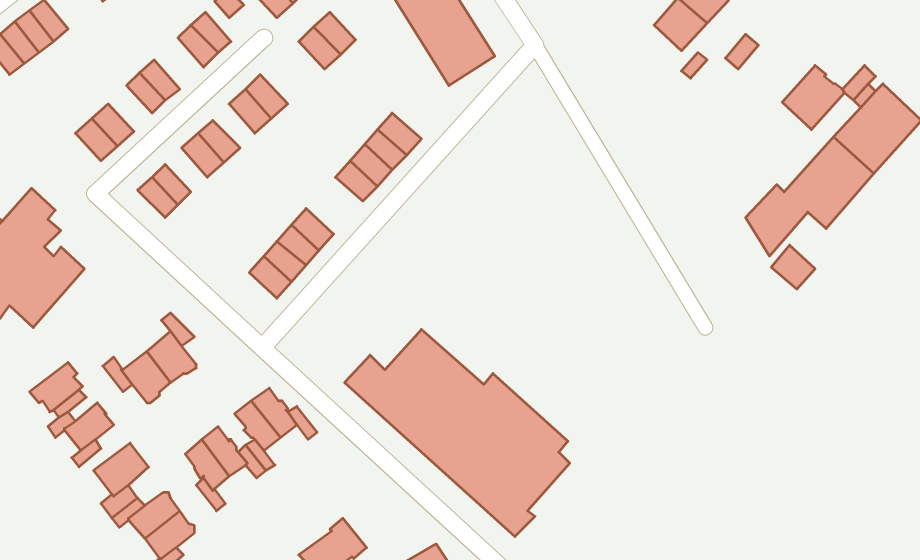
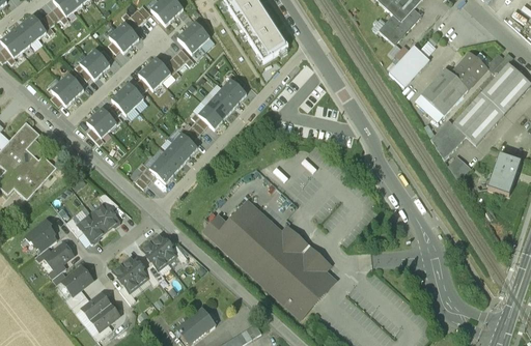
building: none -> [389,46,428,85]
building: none -> [417,66,468,114]
building: none -> [487,152,521,194]

